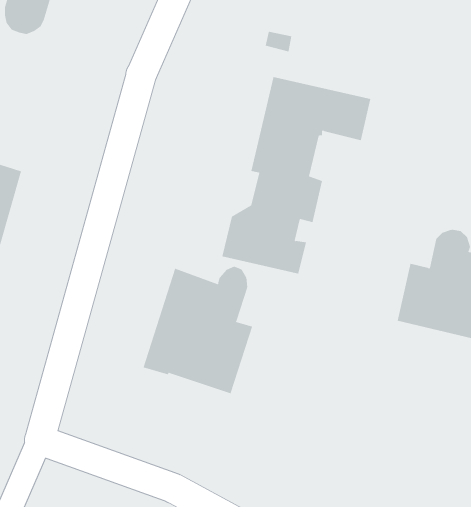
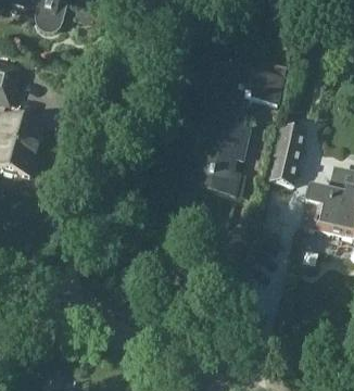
building: none -> [270,125,306,182]
building: [143,266,253,394] -> none

